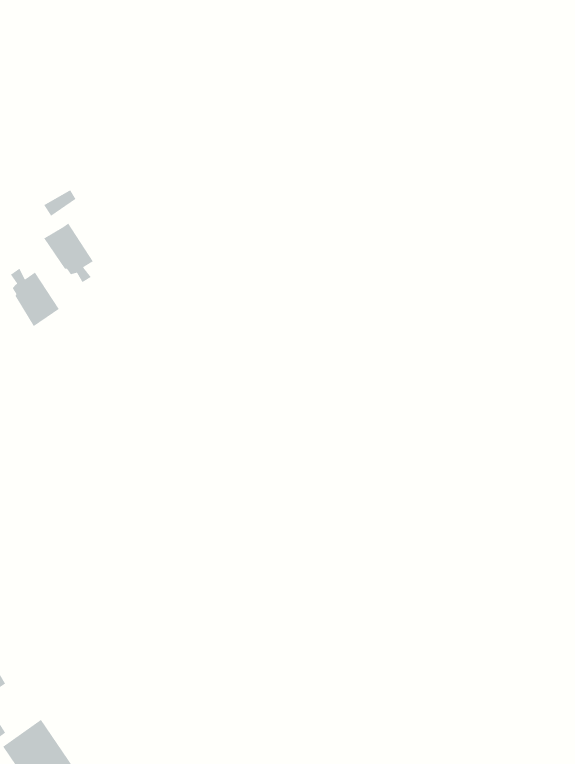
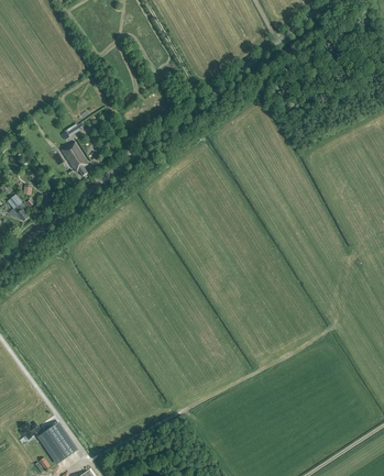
building: [10,268,60,327] -> none

